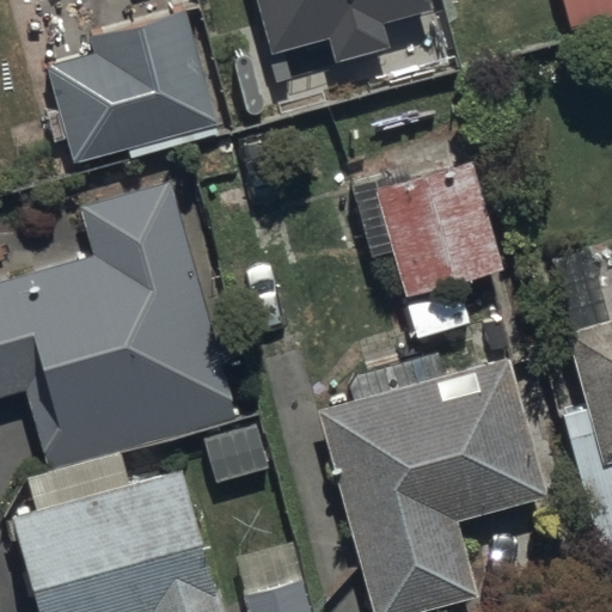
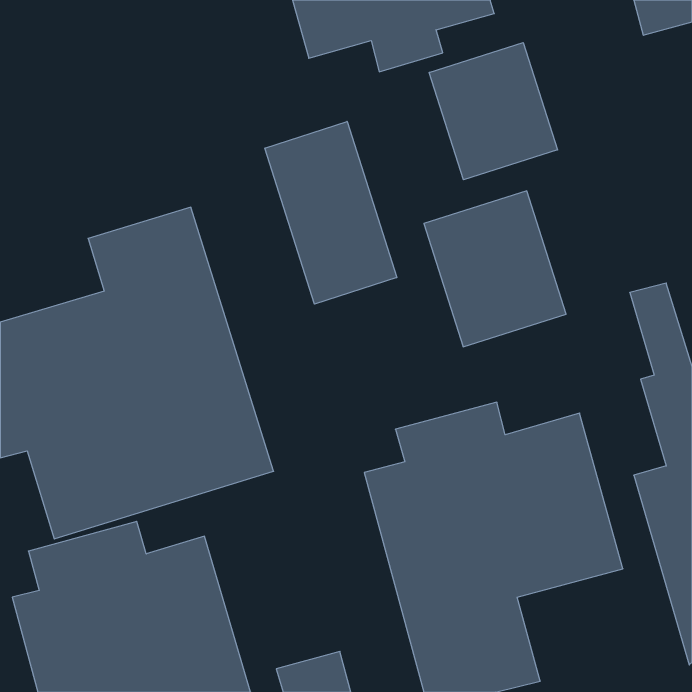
building: [47,5,220,164] -> none
building: none -> [429,43,558,180]
building: none -> [265,121,397,304]

